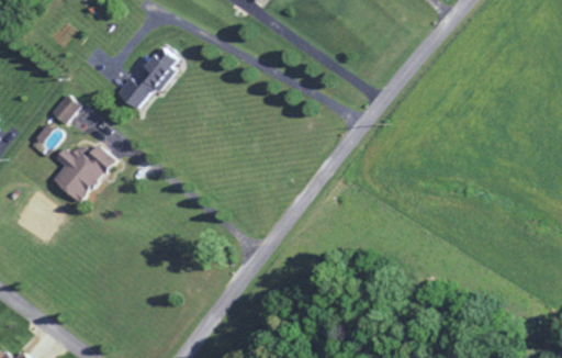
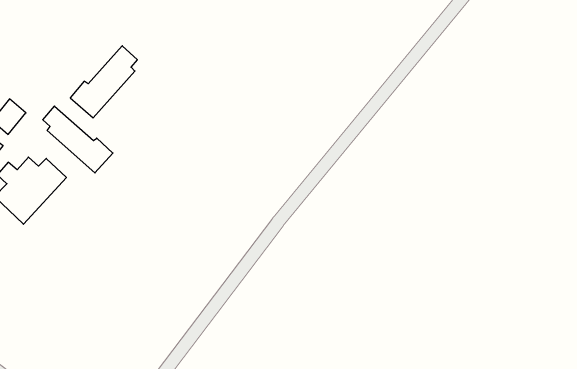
building: none -> [43,106,113,173]

